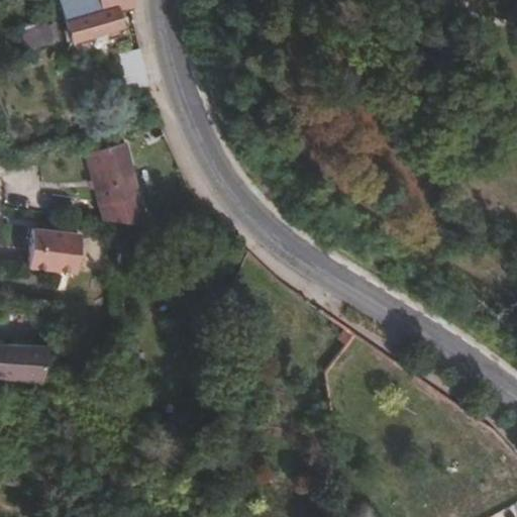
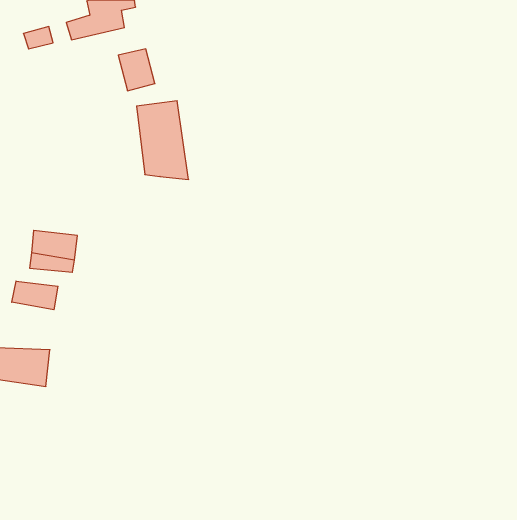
building: [90,145,141,223] -> [137,101,189,179]
building: none -> [12,281,58,310]

